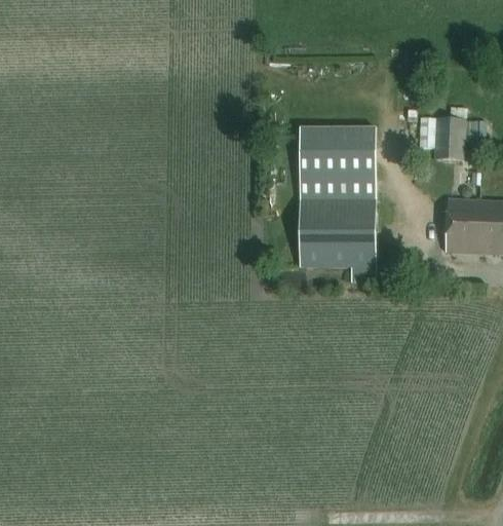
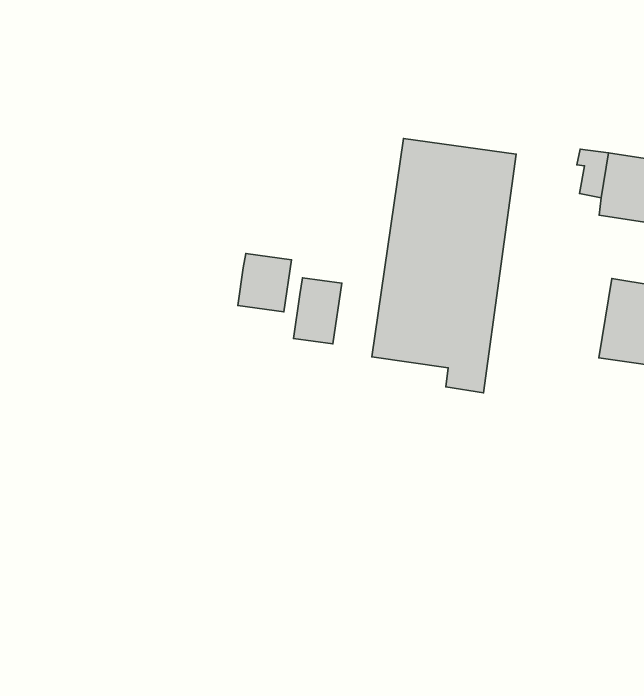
building: none -> [238,253,292,312]
building: none -> [294,278,342,344]

